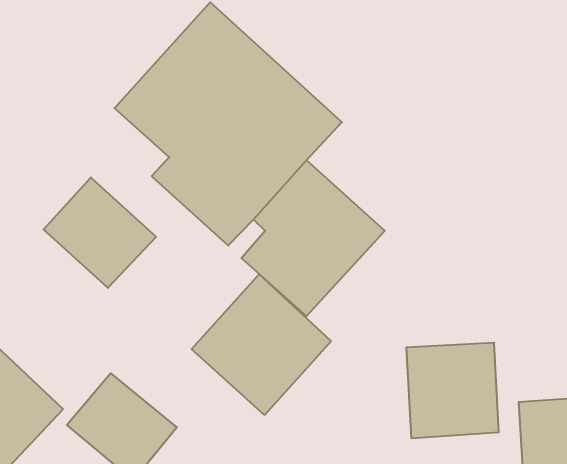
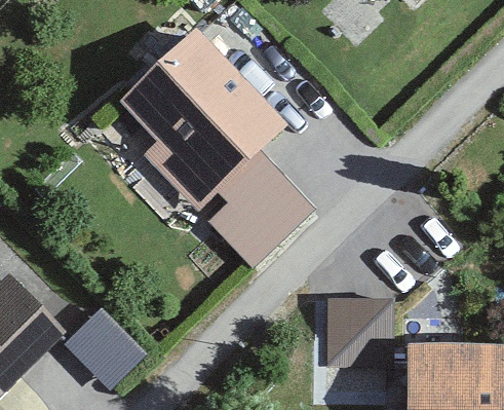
building: [44,177,156,288] -> none
building: [192,274,331,415] -> none

